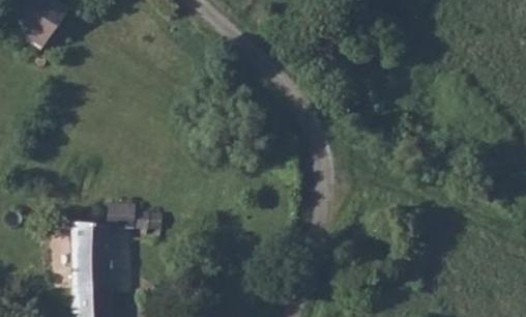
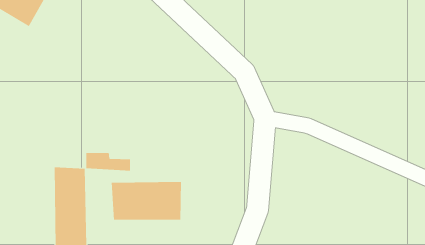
building: none -> [111,181,182,221]

